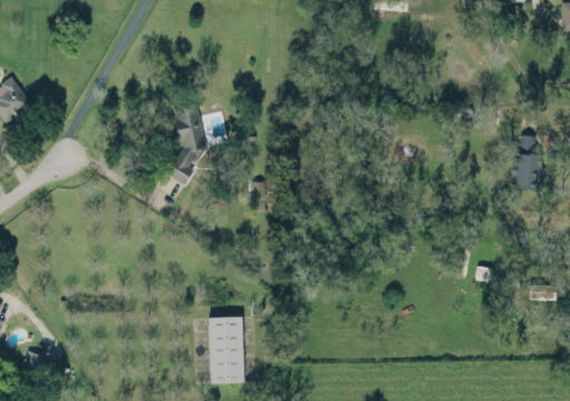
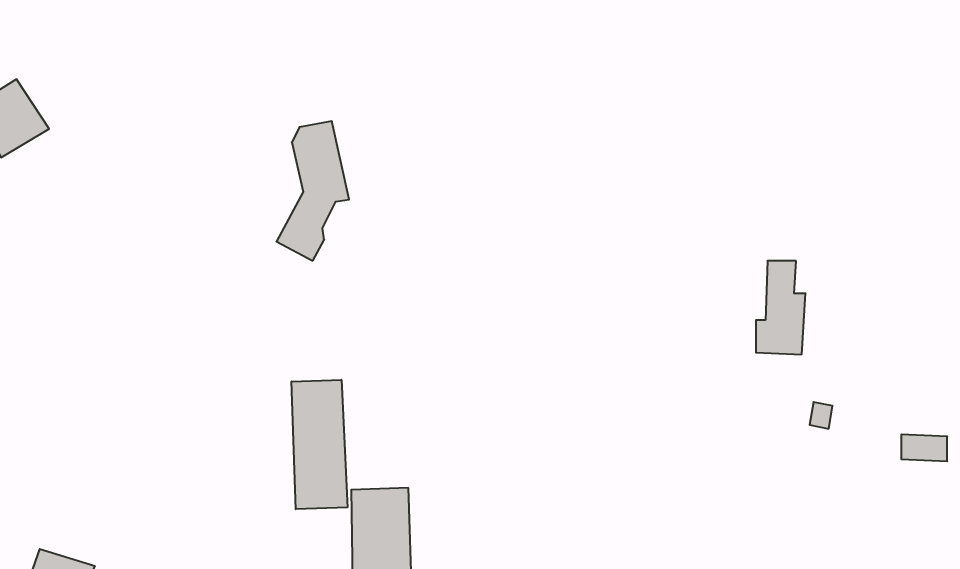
building: [512,135,541,189] -> [756,261,806,354]
building: none -> [292,380,347,509]

